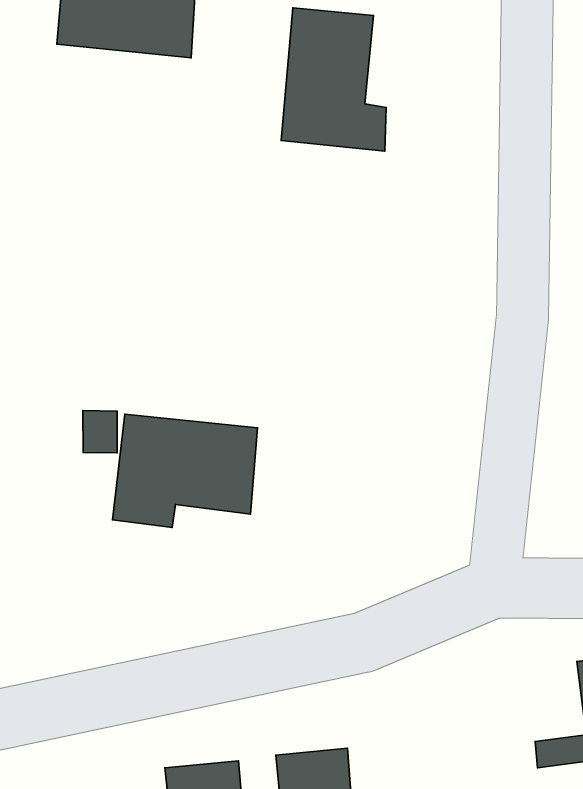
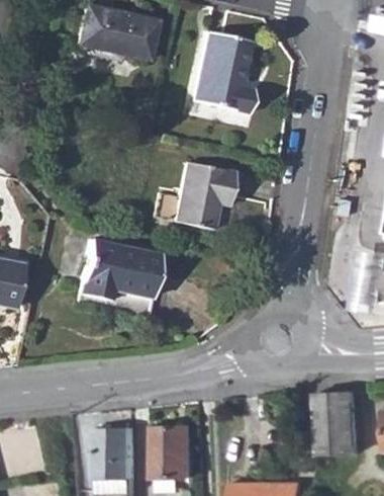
building: none -> [171,161,230,229]

